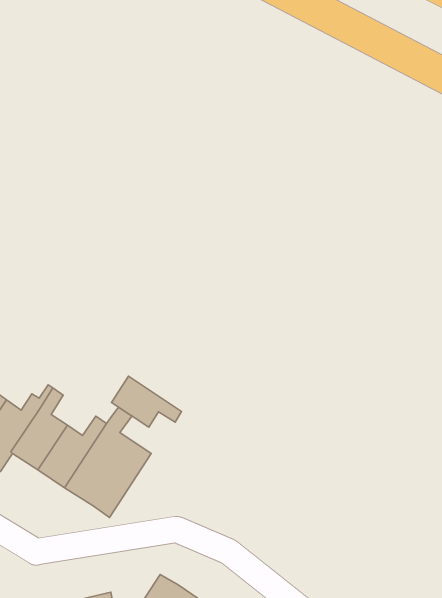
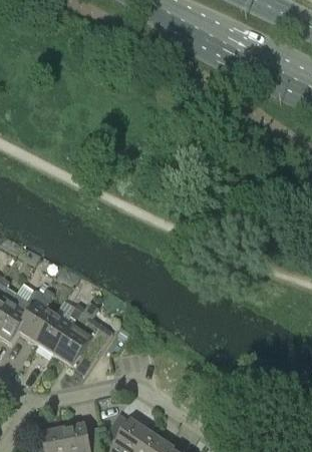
building: [111,376,182,427] -> none

